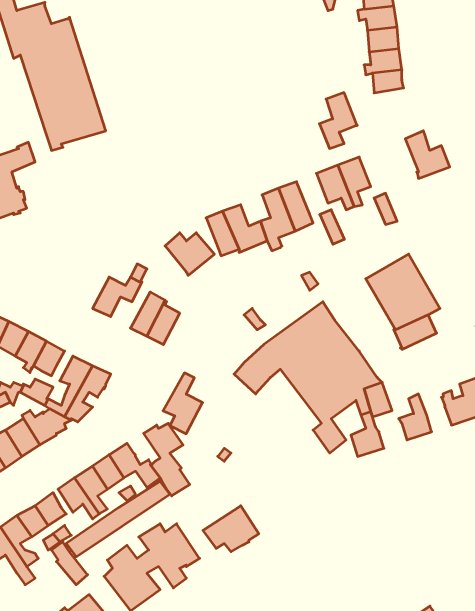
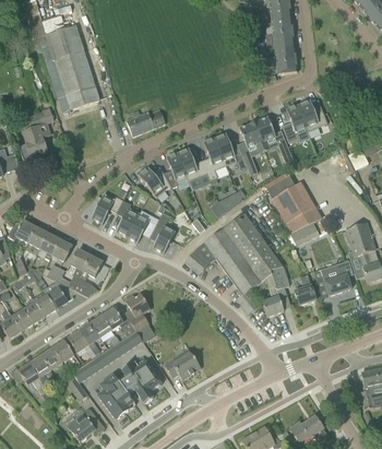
building: [319,93,357,148] -> [282,105,307,142]
building: none -> [126,109,165,135]
building: [163,373,203,434] -> [148,212,175,252]

